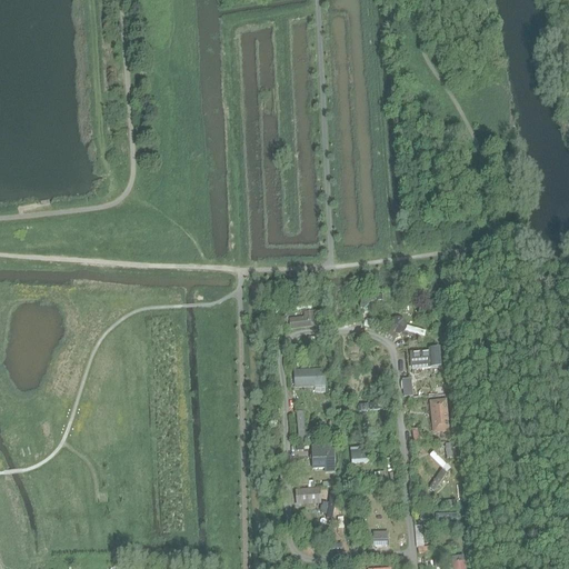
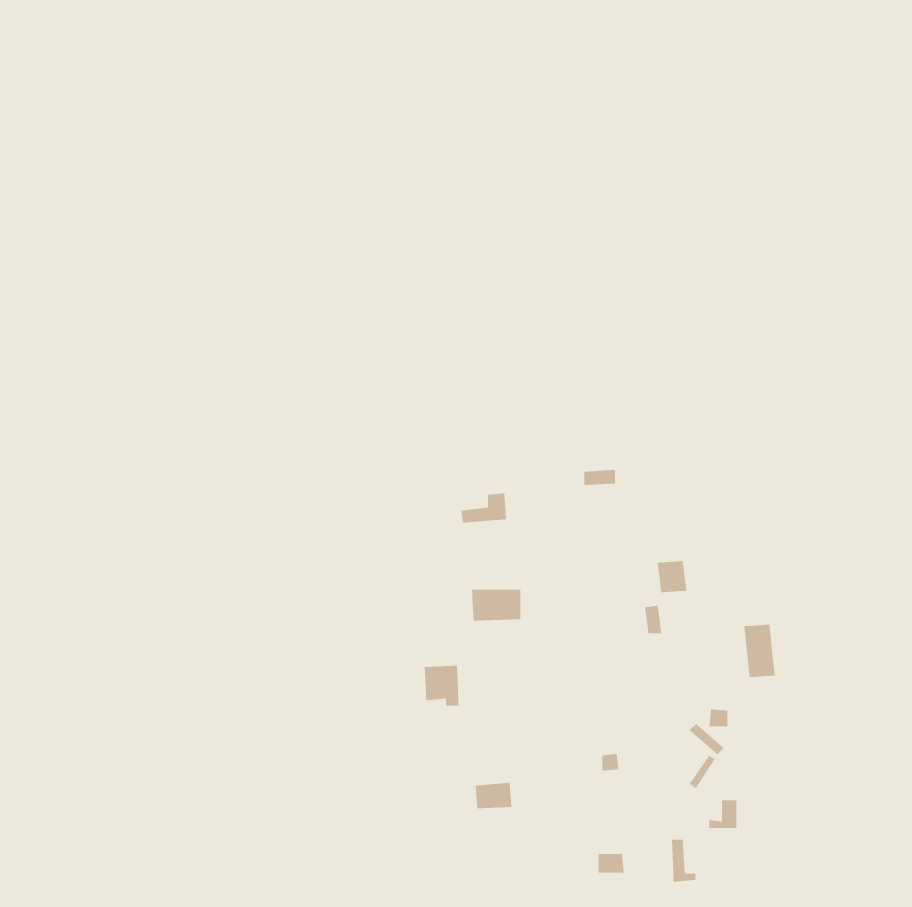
building: [428,398,448,431] -> [743,624,775,678]
building: [311,445,333,470] -> [424,665,460,706]

